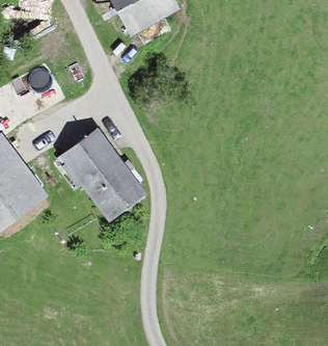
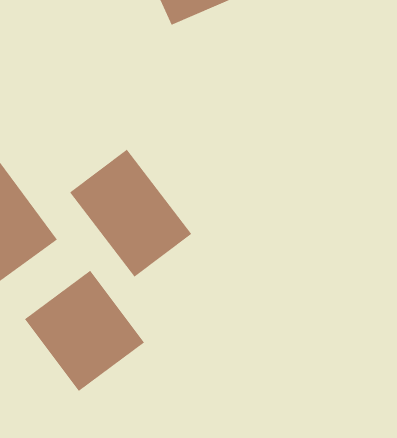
building: none -> [24,270,145,392]

